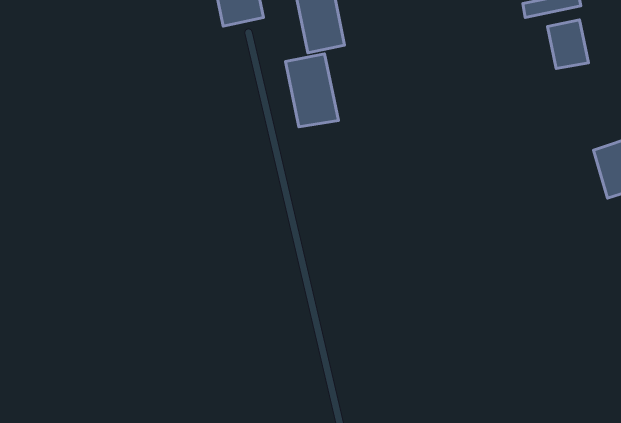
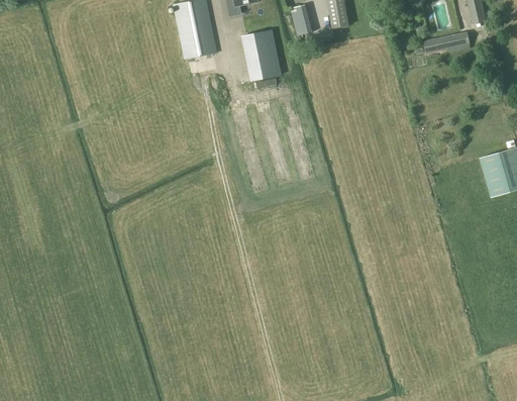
building: [548,20,588,68] -> none
building: [285,54,338,127] -> none

